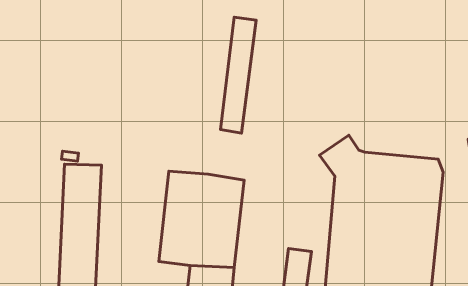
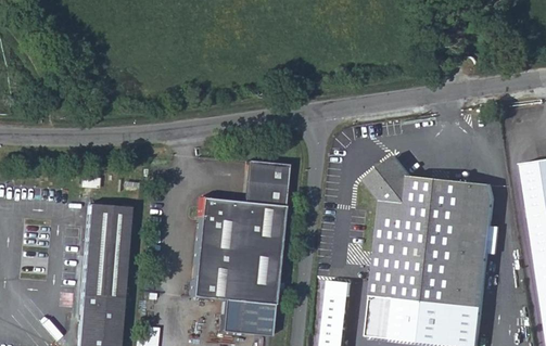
building: [220,17,256,133] -> none
building: none -> [242,165,287,212]

